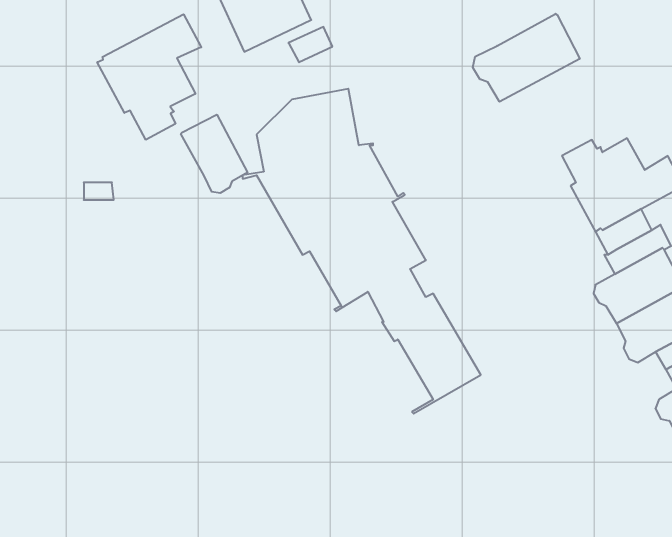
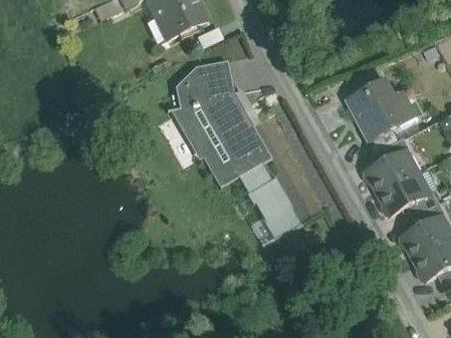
building: [473,14,580,102] -> none
building: [97,14,201,140] -> none
building: [181,115,248,193] -> none

